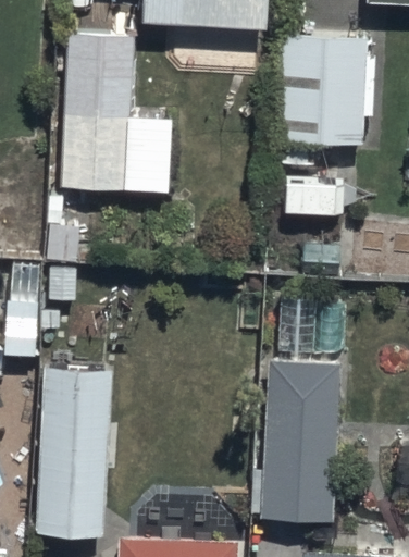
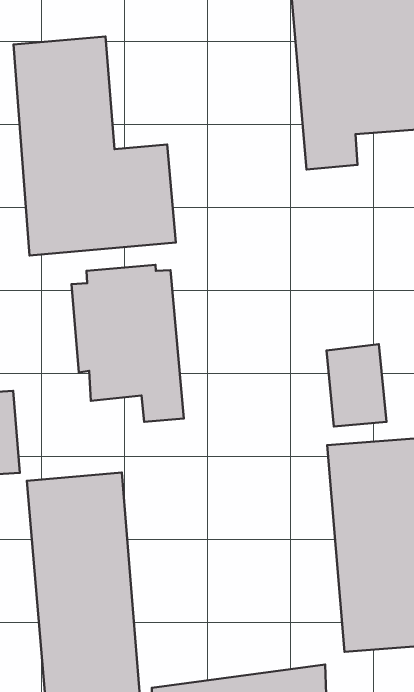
building: none -> [71,265,184,422]

